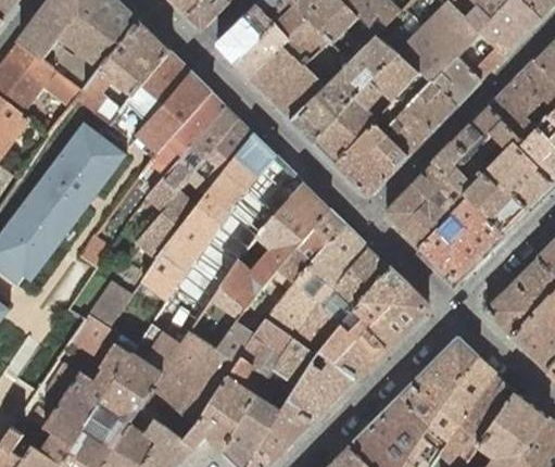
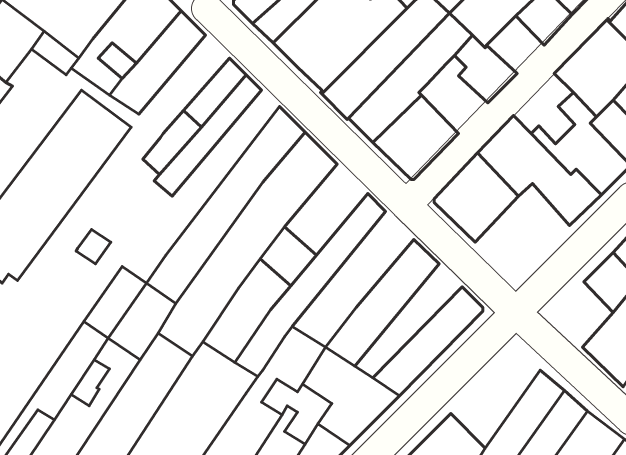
building: [431,56,480,105] -> none
building: [136,73,213,156] -> none
building: [380,97,432,156] -> none
building: [454,105,505,156] -> none
building: [136,119,255,260] -> none
building: [260,182,330,260] -> none
building: [421,199,502,279] -> none
building: [266,223,369,338] -> none
building: [190,263,265,351] -> none
building: [319,267,411,364] -> none
building: [487,282,539,338] -> none
building: [401,338,479,424] -> none

